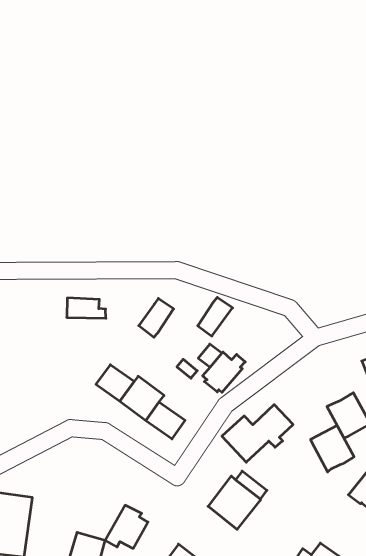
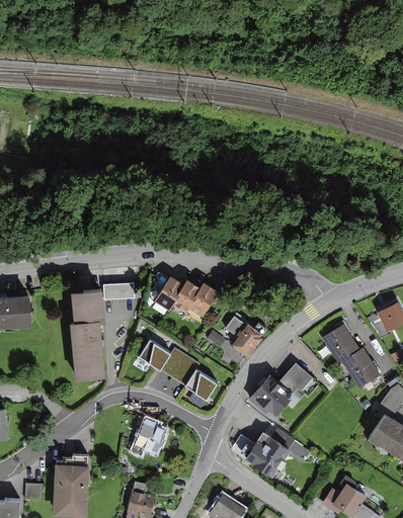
building: none -> [154,276,183,311]
building: [198,297,233,336] -> [188,283,218,318]
building: none -> [69,288,105,379]
building: [311,425,354,472] -> [322,324,361,365]
building: [105,505,148,548] -> [131,418,167,455]

